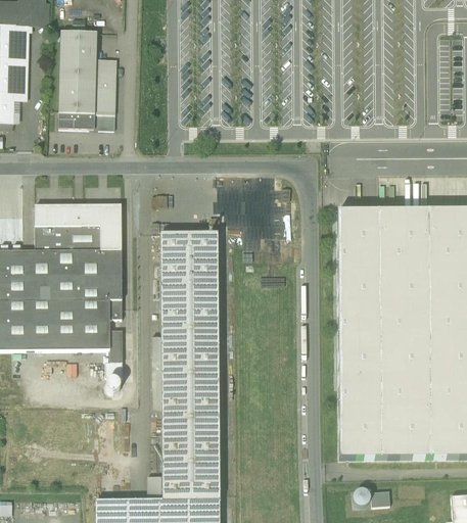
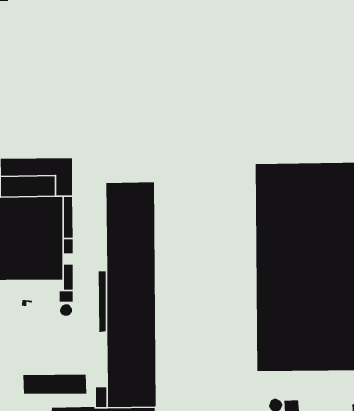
building: [58,30,116,128] -> none
building: none -> [23,374,87,395]

